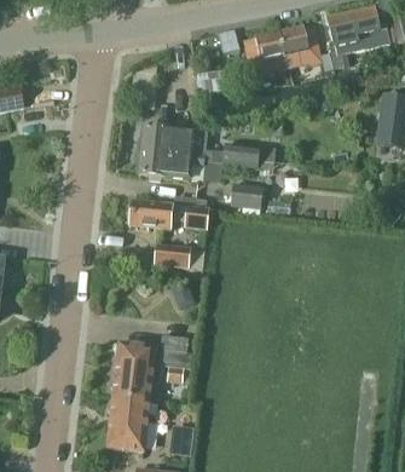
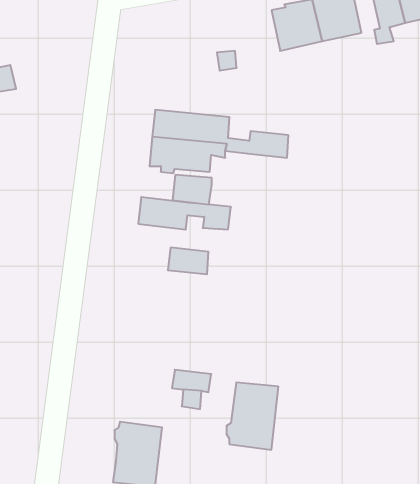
building: [228,183,262,208] -> [172,175,212,204]
building: [110,340,155,398] -> [226,382,278,450]

